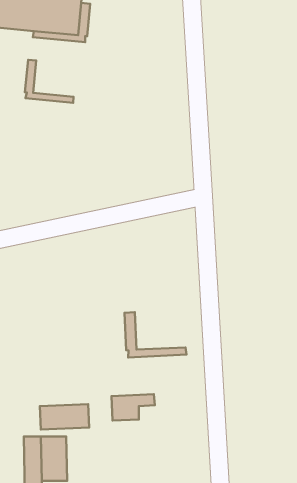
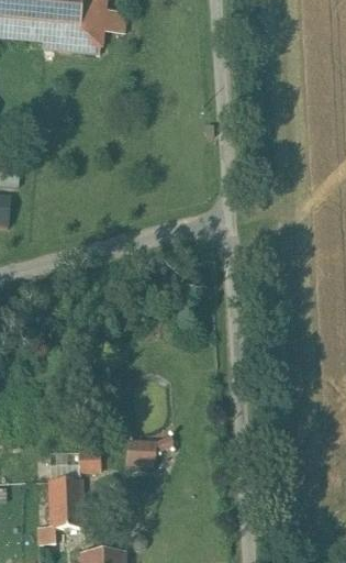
building: [25,60,73,103] -> none
building: [125,312,186,357] -> none

